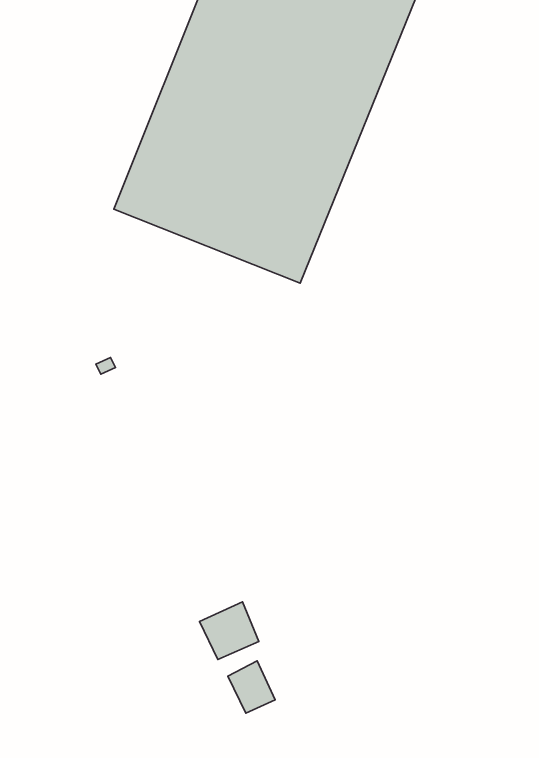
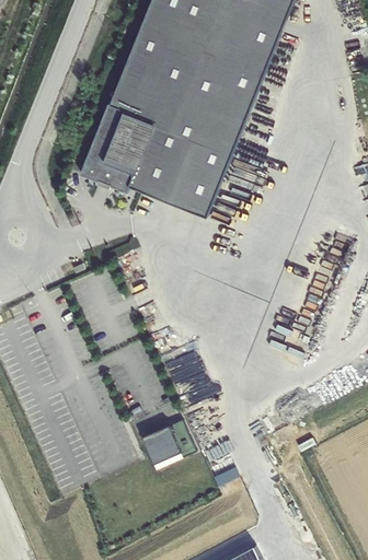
building: [228,661,275,713] -> none

